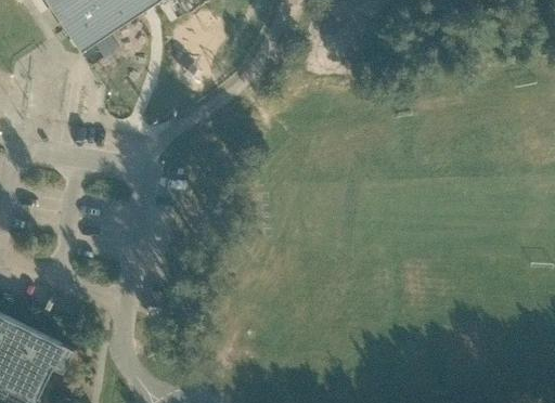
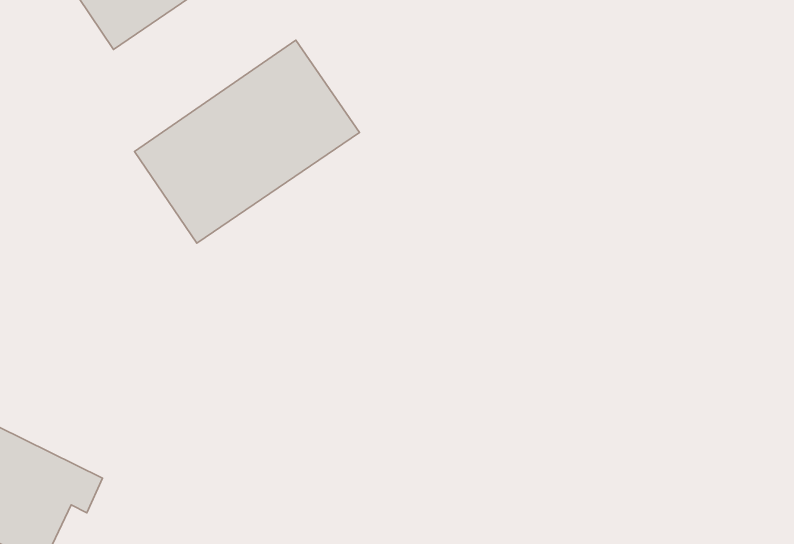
building: none -> [134,40,359,243]

